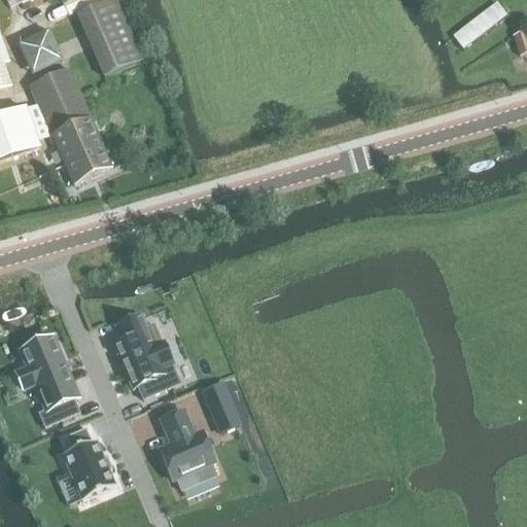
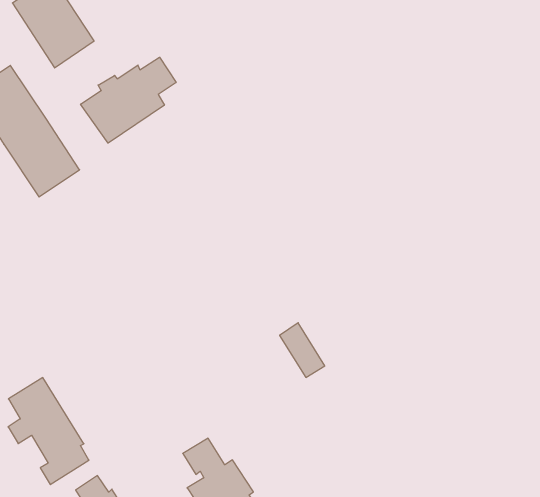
building: none -> [81,57,176,143]
building: [115,314,180,397] -> none
building: [205,382,239,429] -> [280,323,325,377]

